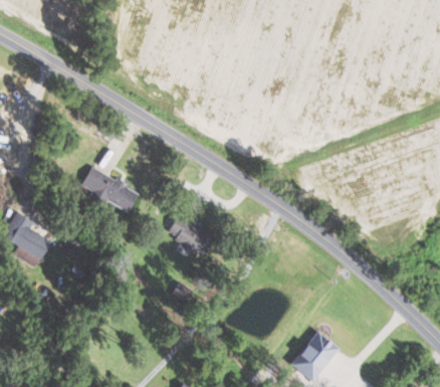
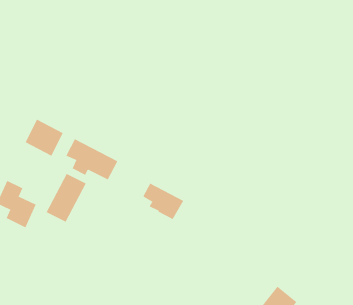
building: none -> [25,119,64,156]
building: none -> [46,173,87,223]

